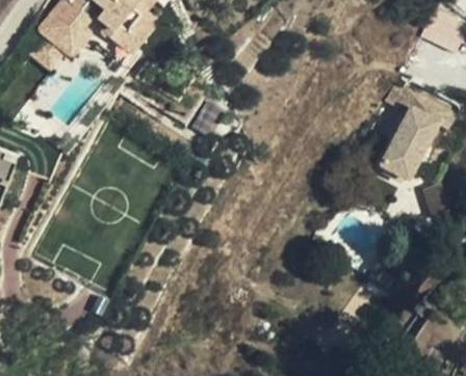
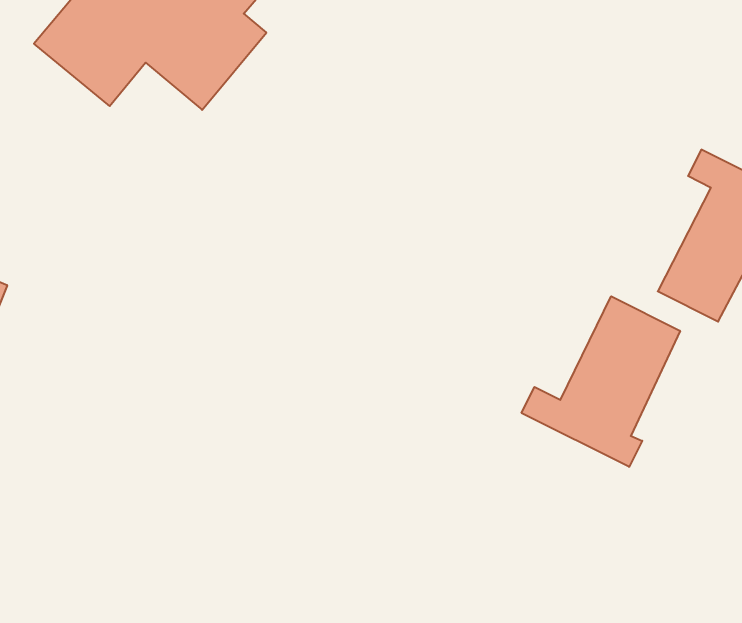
building: none -> [522,296,680,467]

